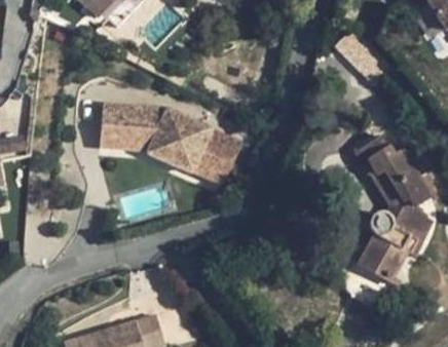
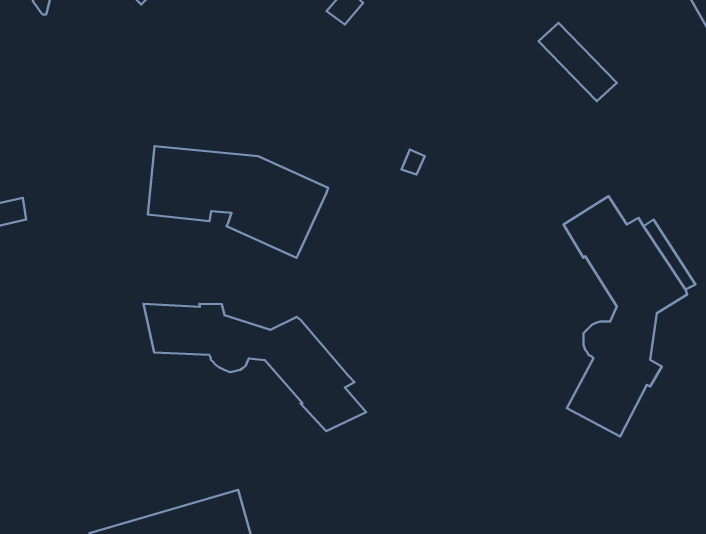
building: [192,132,237,184] -> none
building: none -> [143,304,366,431]

